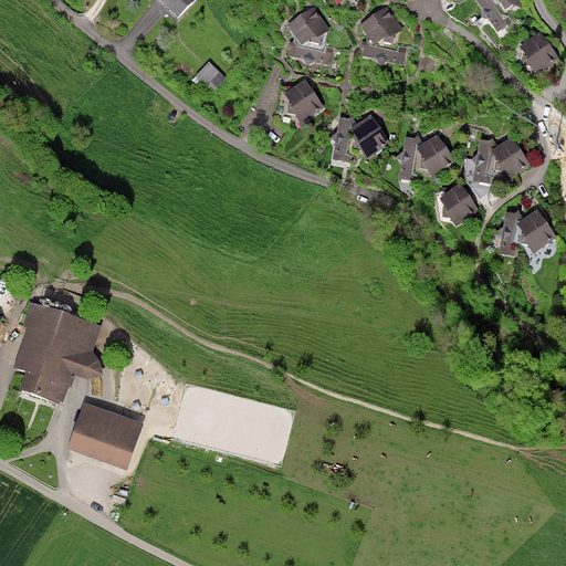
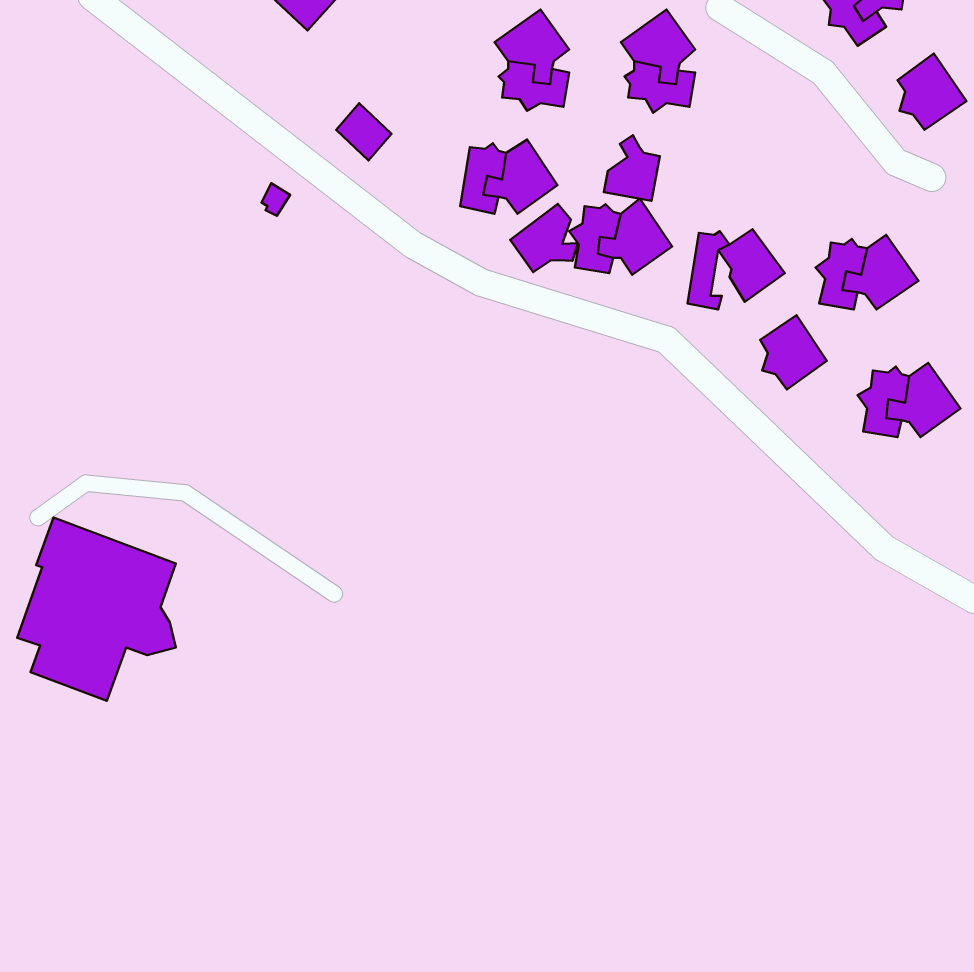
building: none -> [604,135,660,201]
building: none -> [510,204,578,272]
building: [66,402,143,469] -> none

